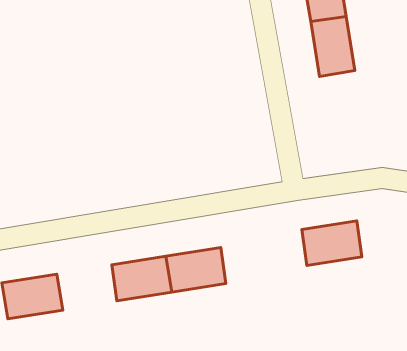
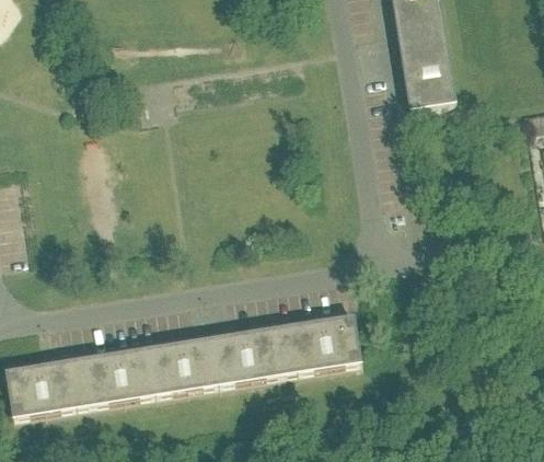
building: [302,221,362,266] -> [285,314,361,371]
building: none -> [76,347,152,405]

